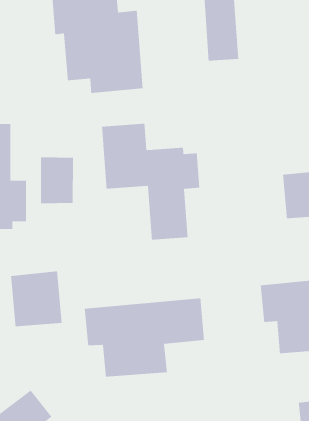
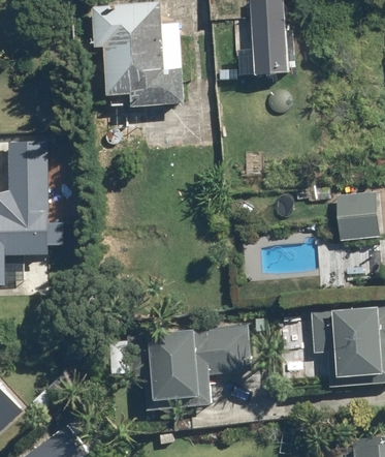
building: [101,123,200,241] -> none
building: [40,157,74,204] -> none
building: [10,270,63,327] -> none

